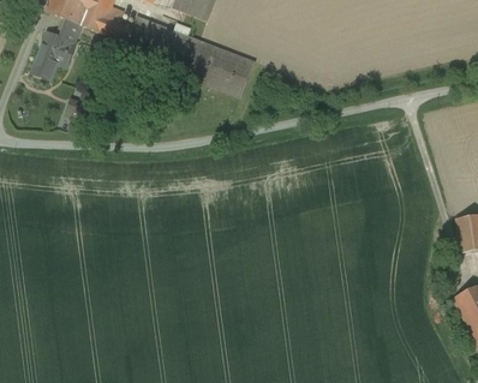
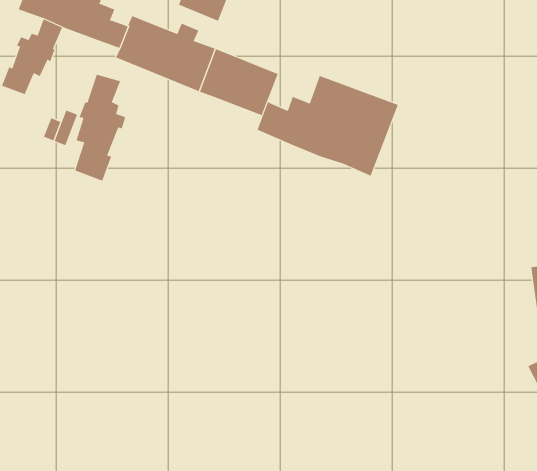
building: none -> [74,74,126,181]
building: none -> [257,75,398,177]

